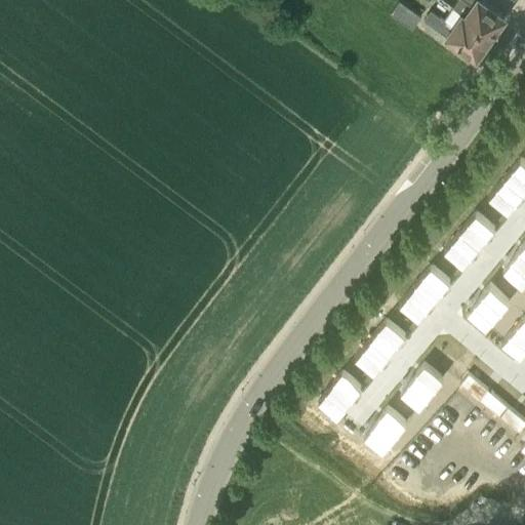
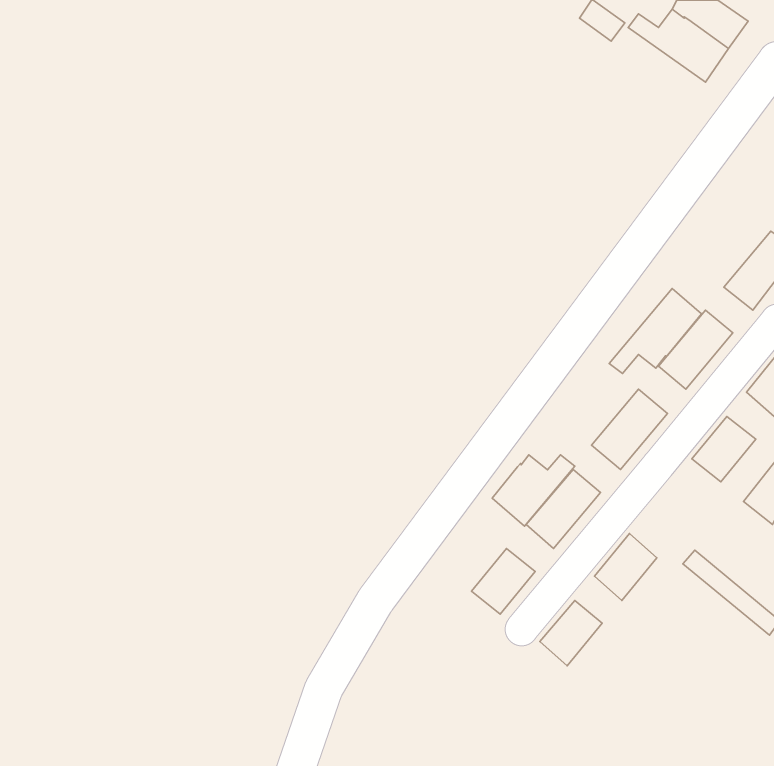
building: none -> [609,288,701,373]
building: none -> [492,455,575,526]

